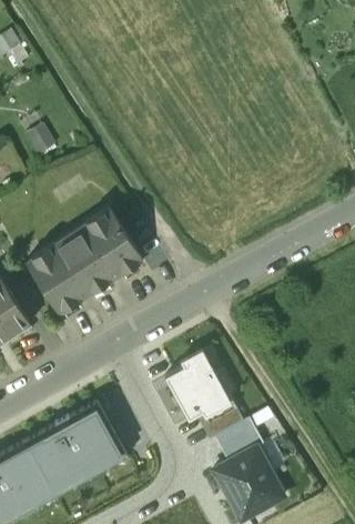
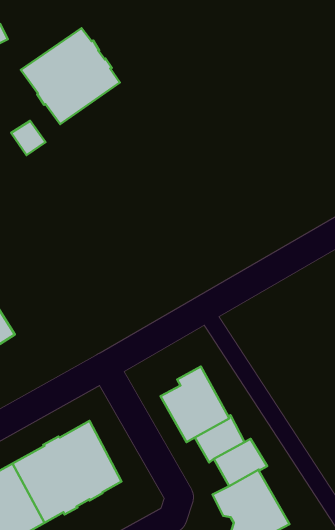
building: none -> [21,28,120,124]
building: [27,210,141,314] -> none

